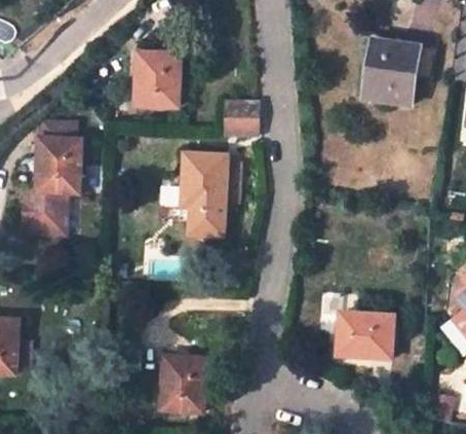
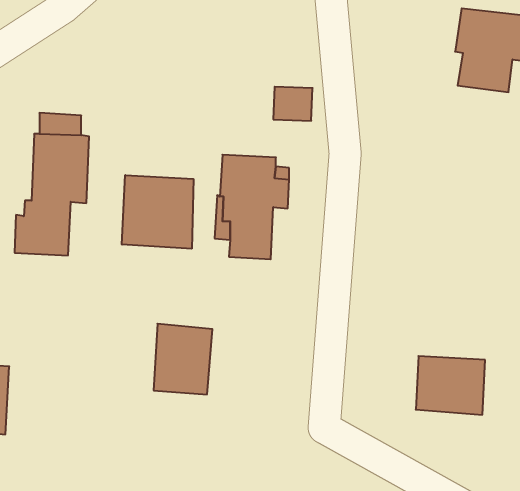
building: [135,52,180,106] -> none
building: none -> [122,175,193,249]
building: [160,355,206,410] -> [154,324,212,394]

